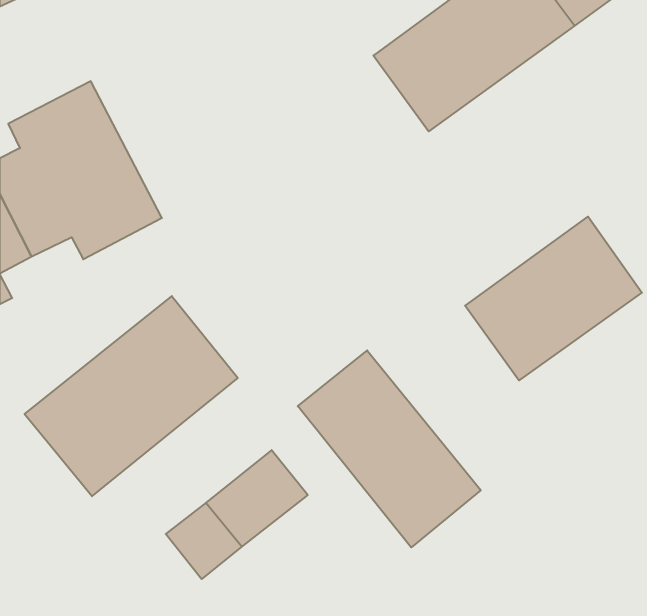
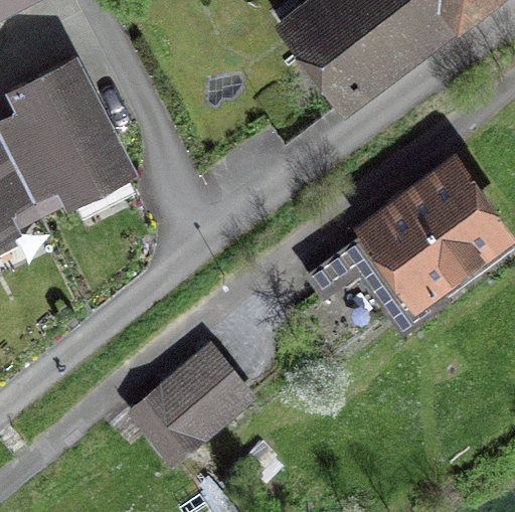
building: [25,296,238,496] -> none
building: [298,350,481,547] -> none

